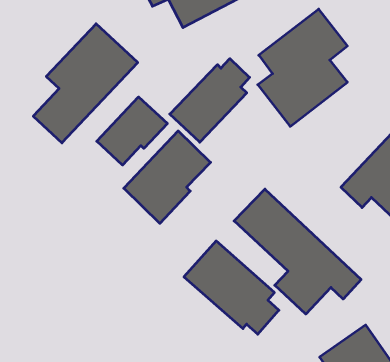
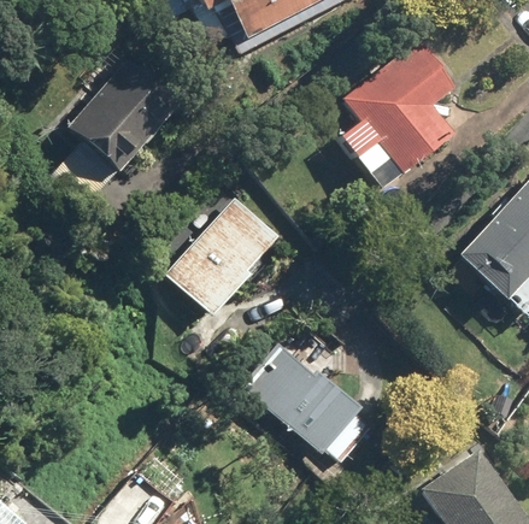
building: [170,59,250,142] -> none
building: [97,97,167,165] -> none
building: [234,189,361,314] -> none

